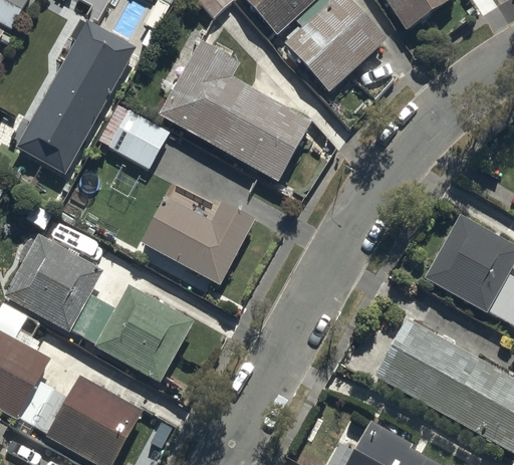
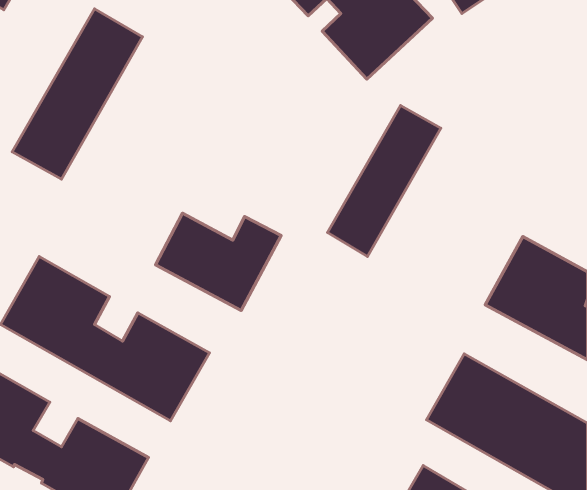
building: [162,42,308,178] -> none
building: none -> [327,106,441,257]
building: [113,114,167,167] -> none

